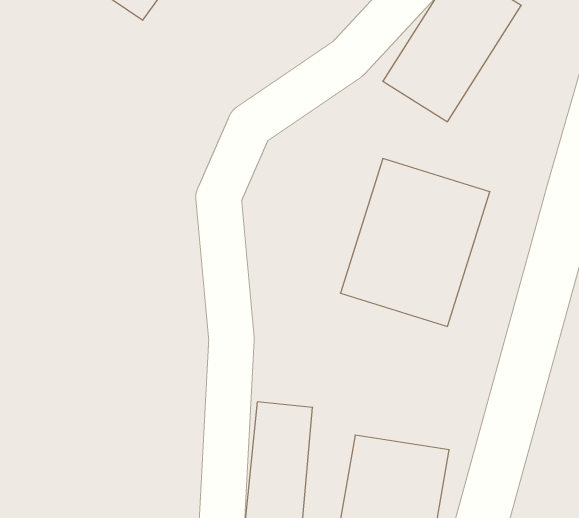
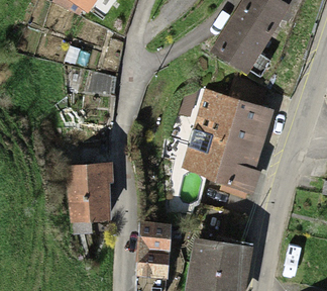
building: none -> [72,165,108,216]

